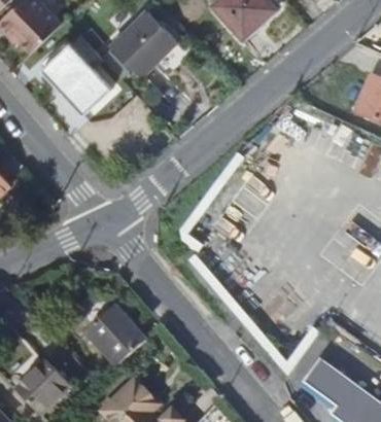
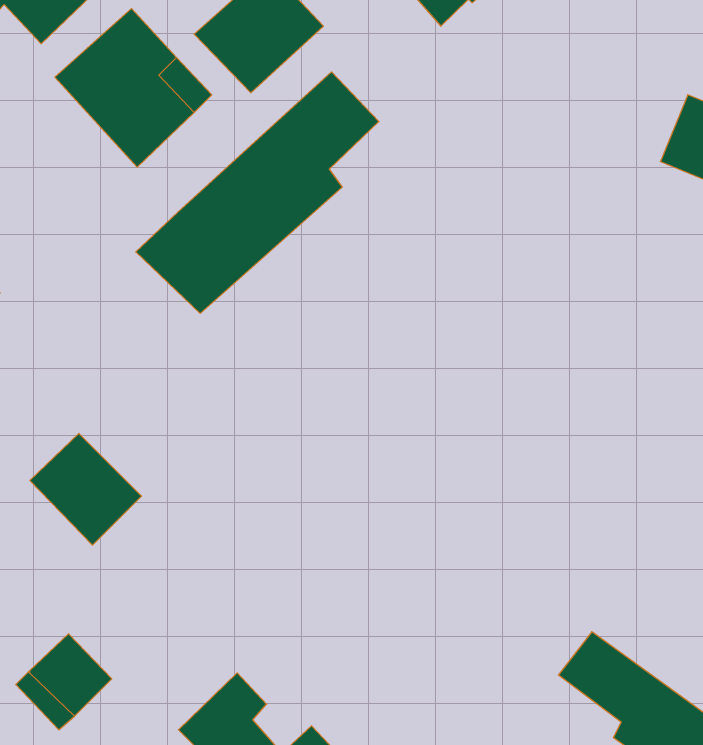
building: none -> [136,72,379,313]
building: [84,309,143,367] -> [30,433,142,545]

